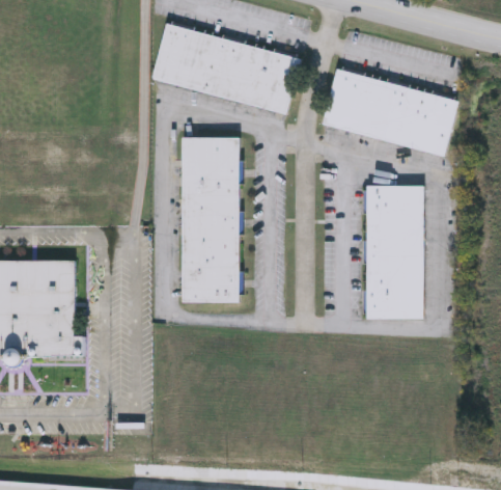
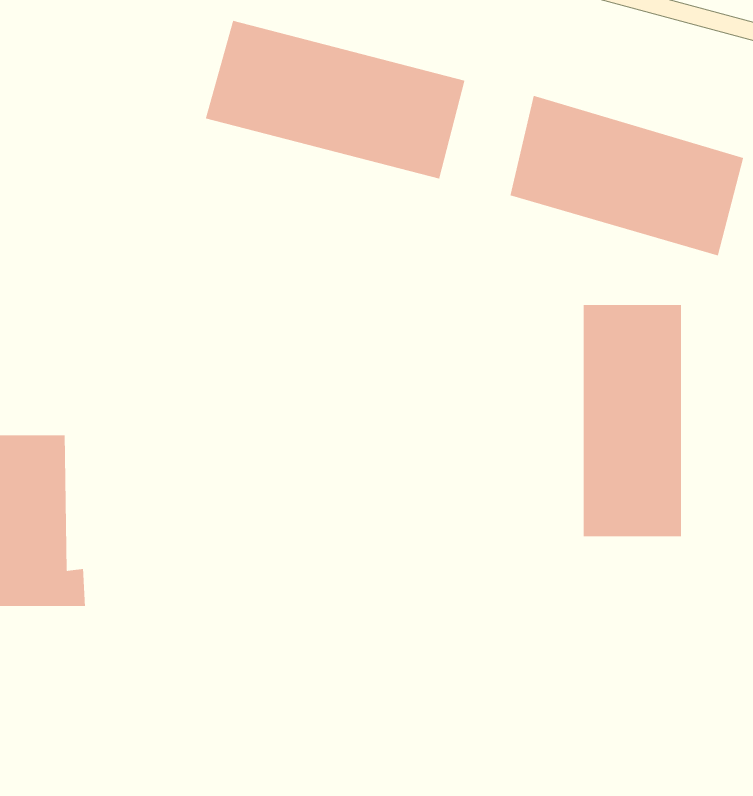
building: [183,138,241,301] -> none

